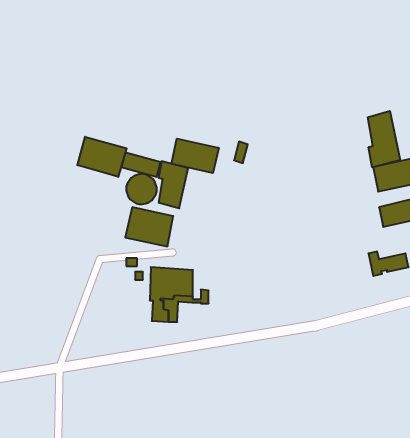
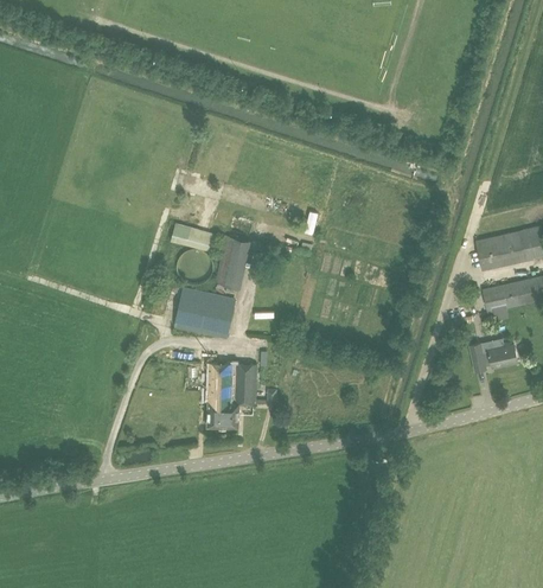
building: [368,111,400,167] -> none
building: [77,137,127,177] -> none
building: [172,139,219,173] -> none

